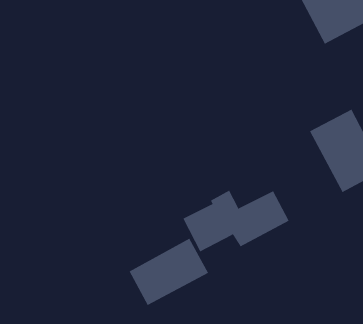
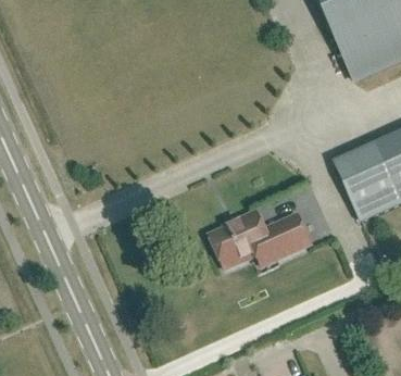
building: [129,238,209,306] -> none

